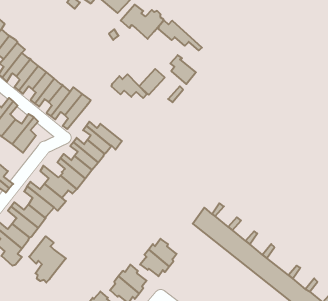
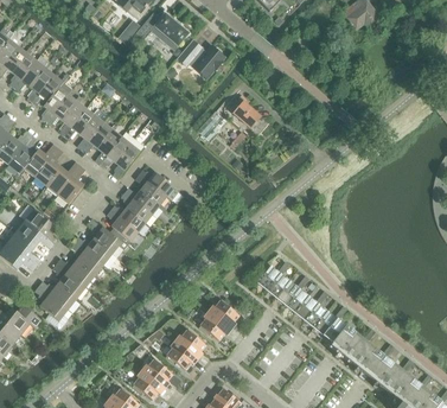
building: [159,20,202,50] -> none
building: [112,74,147,98] -> none
building: [29,236,66,283] -> none

